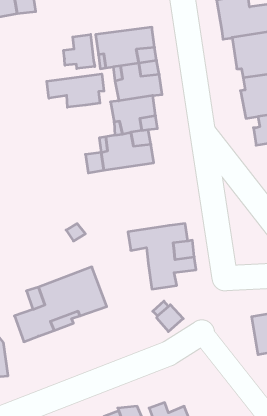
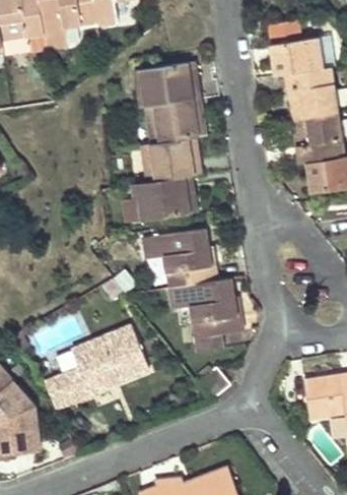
building: [64,34,95,69] -> none
building: [47,74,104,107] -> none
building: none -> [143,227,215,287]

